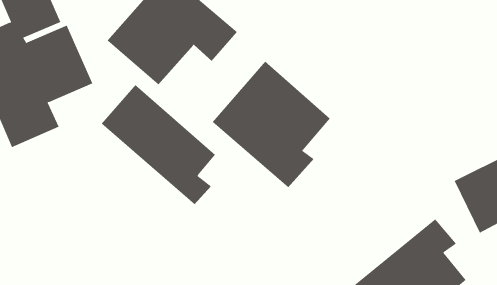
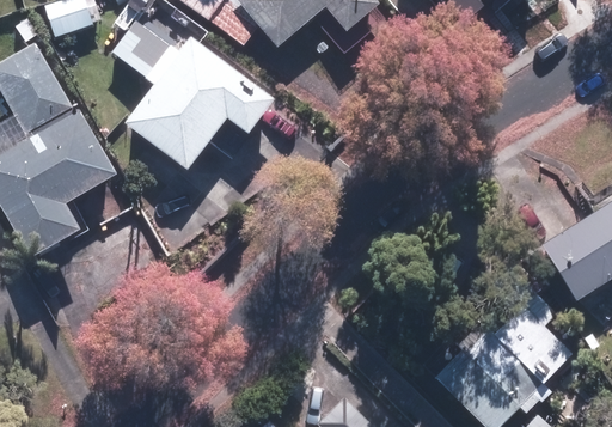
building: [212,61,330,188] -> none
building: [101,84,216,205] -> none

